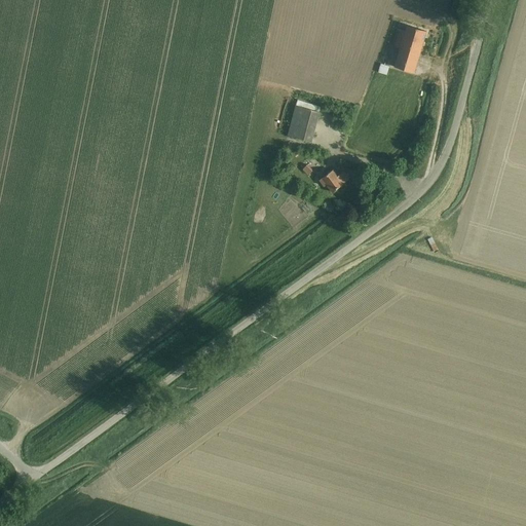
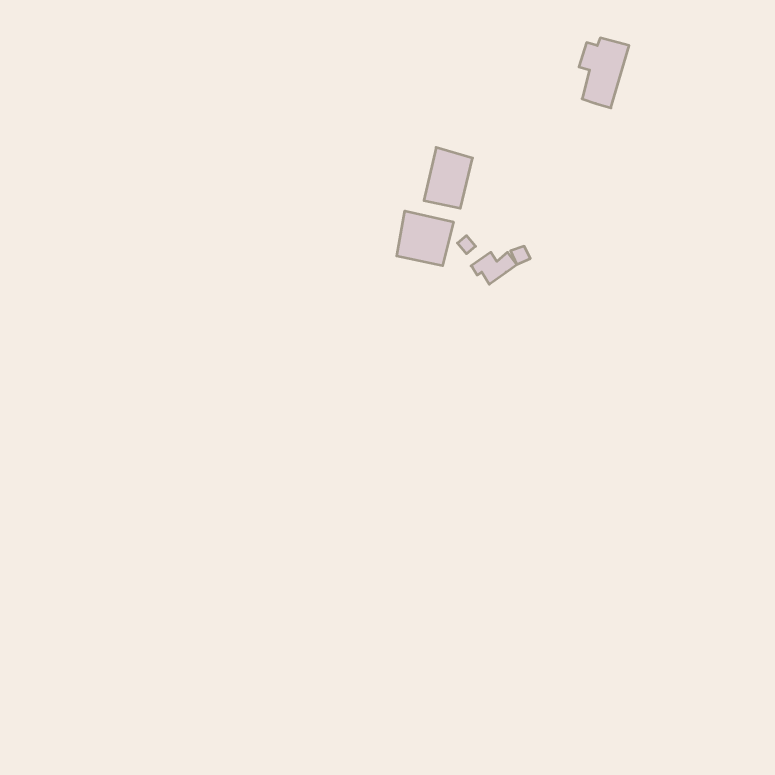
building: none -> [397,211,453,266]

